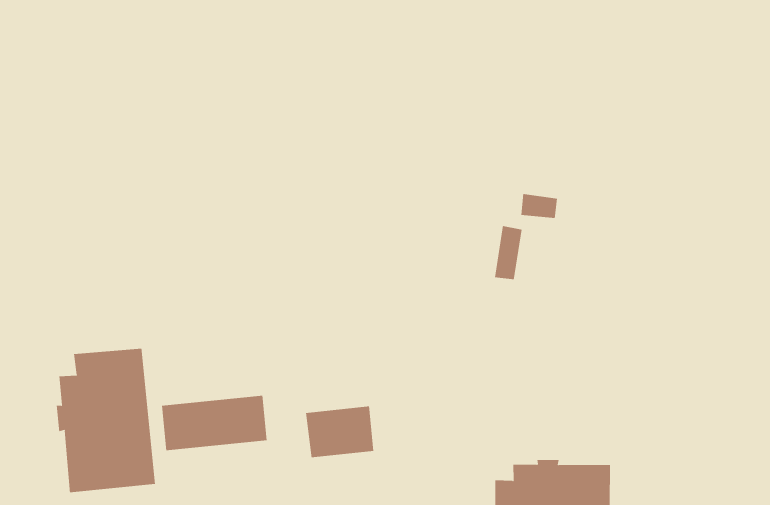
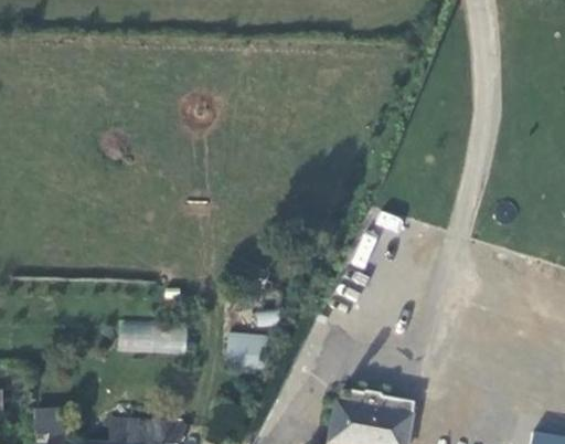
building: [56,348,155,493] -> none

